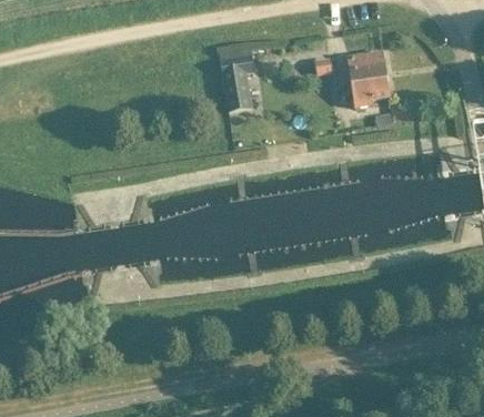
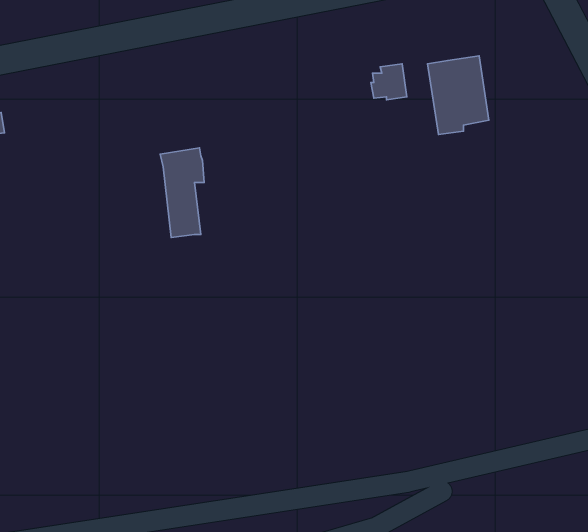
building: [221,49,252,112] -> [160,148,204,238]

